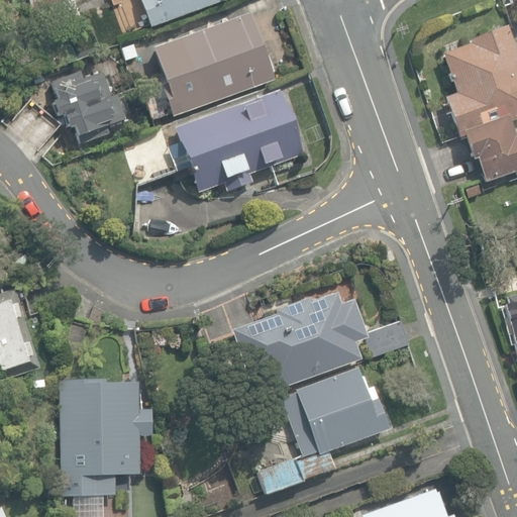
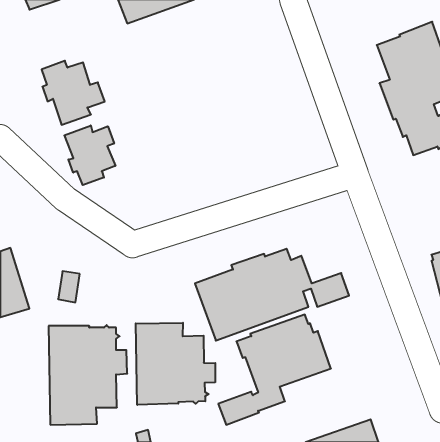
building: [162,12,276,116] -> none
building: [169,89,304,193] -> none
building: none -> [64,125,115,185]
building: none -> [136,323,215,405]

